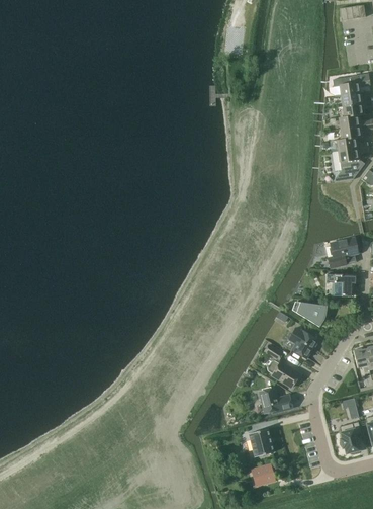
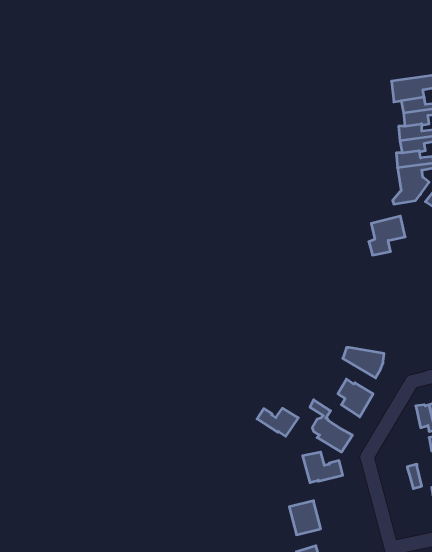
building: [328,236,358,268] -> [369,216,405,255]
building: [325,273,355,295] -> none
building: none -> [257,408,298,436]
building: [340,421,361,453] -> none

